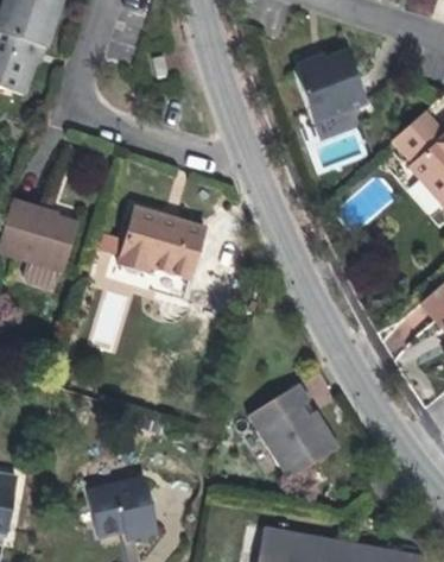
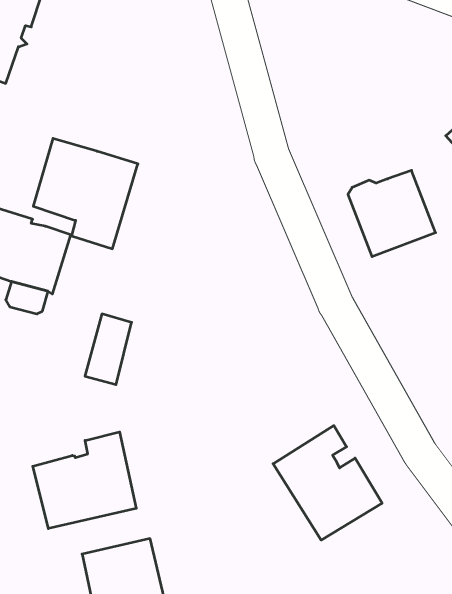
building: [293,51,367,124] -> [348,170,436,257]
building: [118,207,205,299] -> [33,138,138,249]
building: none -> [33,432,136,529]

